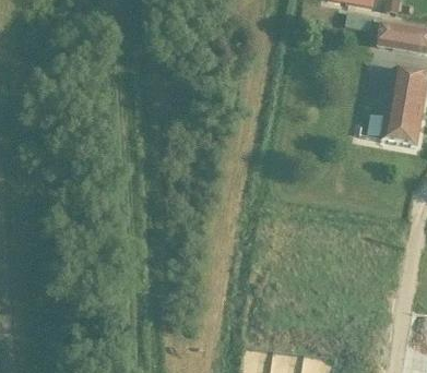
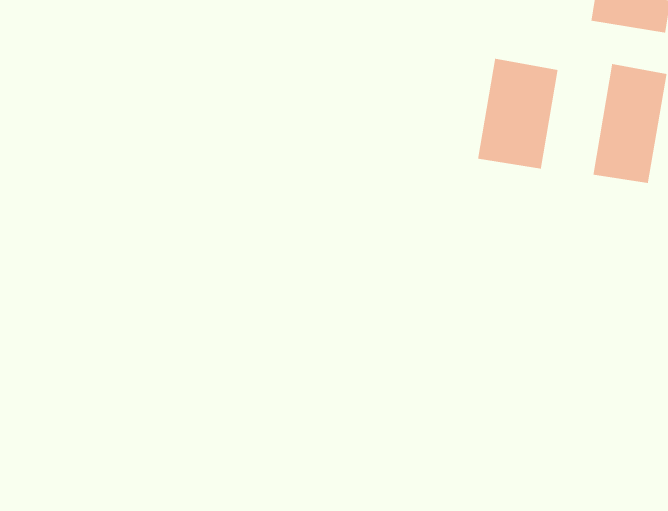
building: none -> [477,58,558,169]

